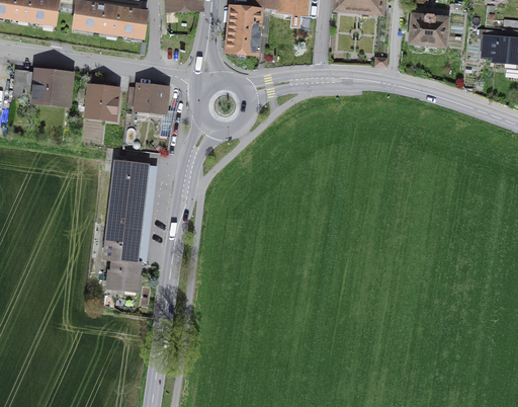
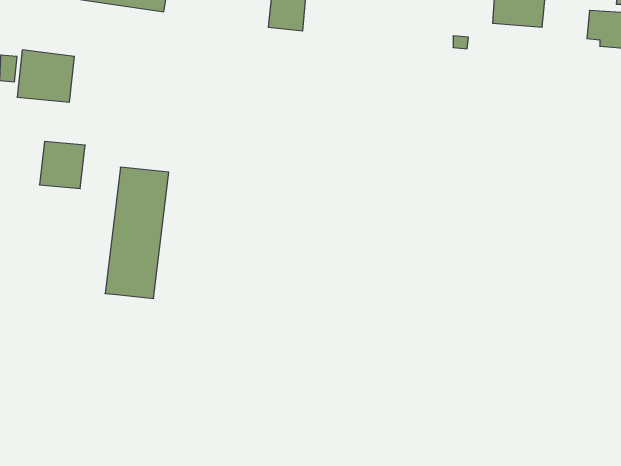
building: [84,83,120,120] -> [39,141,85,189]
building: [133,83,170,114] -> none
building: [105,260,143,291] -> none

